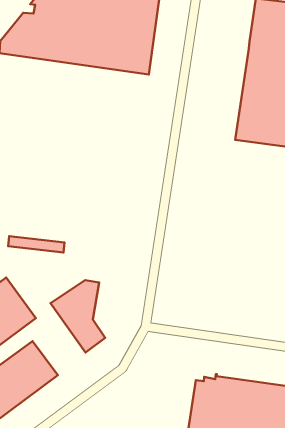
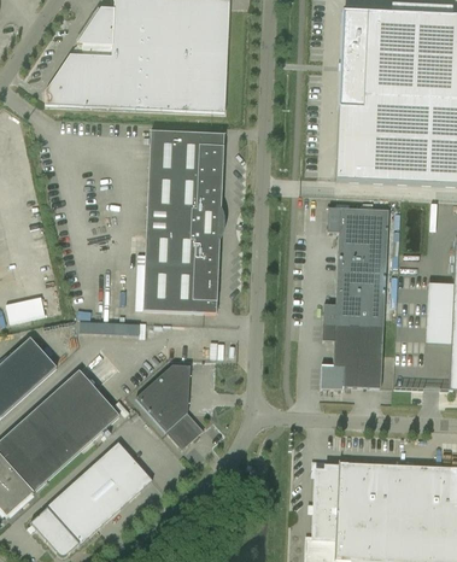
building: none -> [143,130,224,321]
building: none -> [321,206,389,388]

